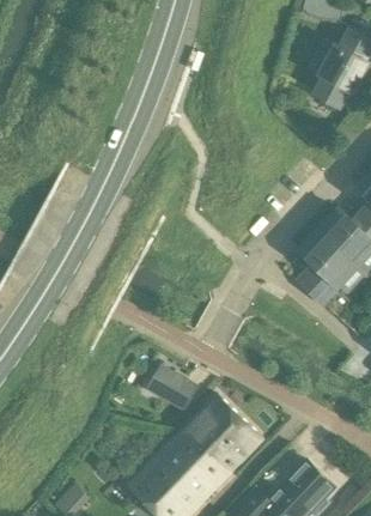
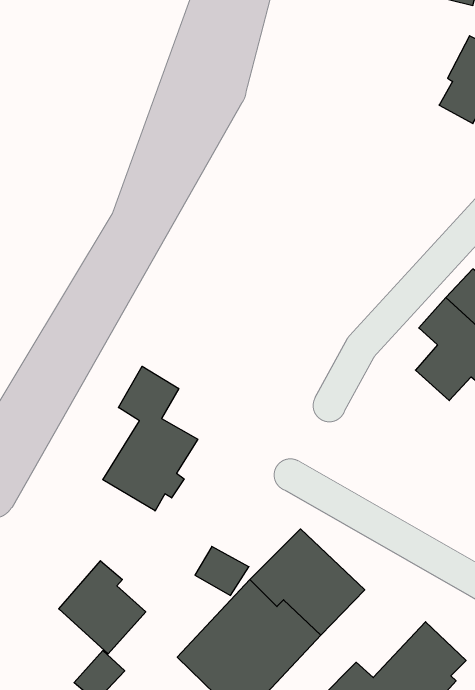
building: none -> [103,366,198,511]
building: [147,365,186,400] -> [195,546,249,595]
building: none -> [59,561,146,654]

